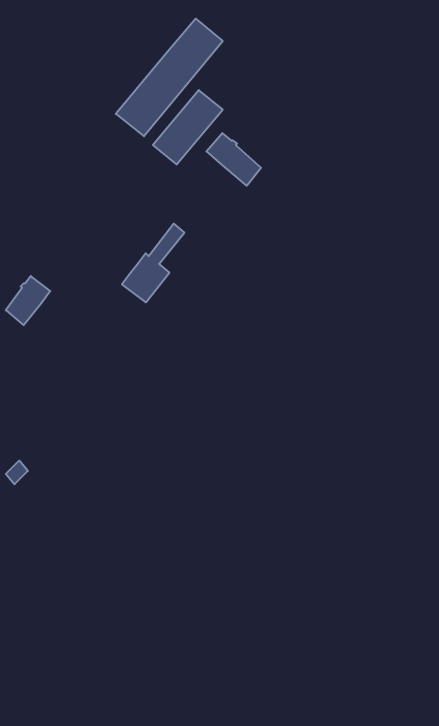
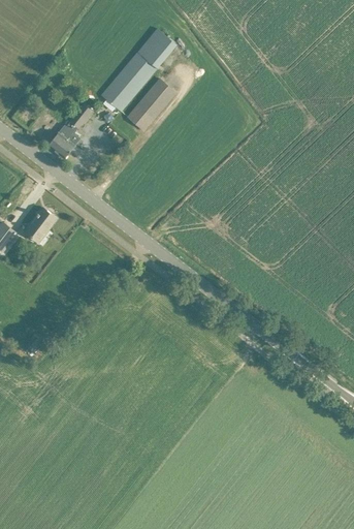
building: [206,133,261,186] -> none
building: [122,224,184,302] -> [47,103,91,158]

